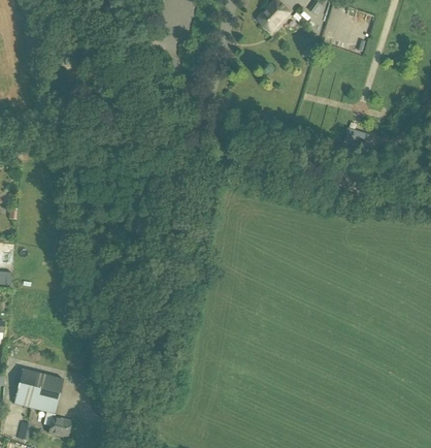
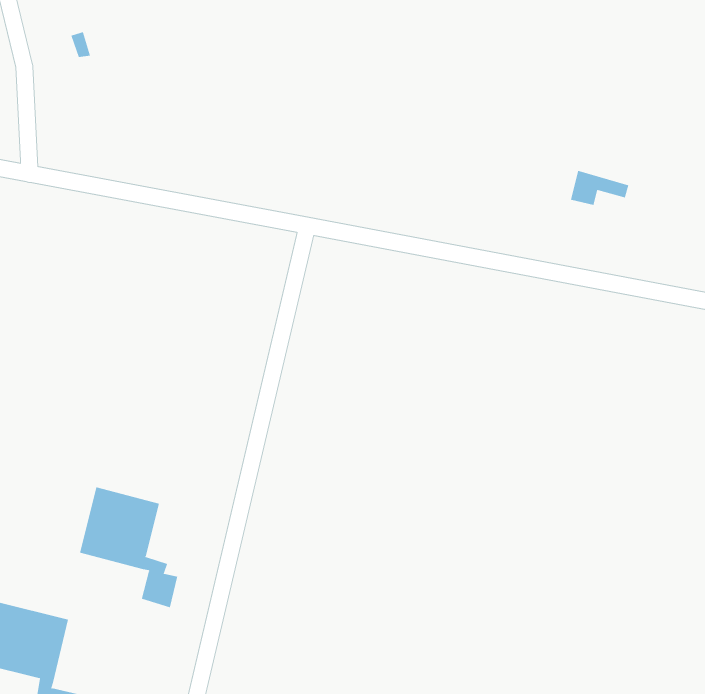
building: none -> [80,486,178,608]

